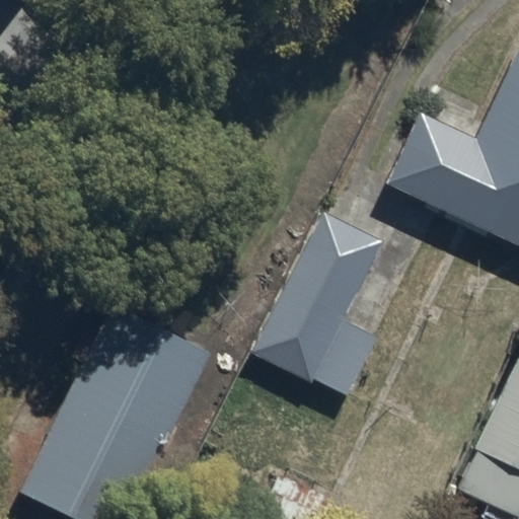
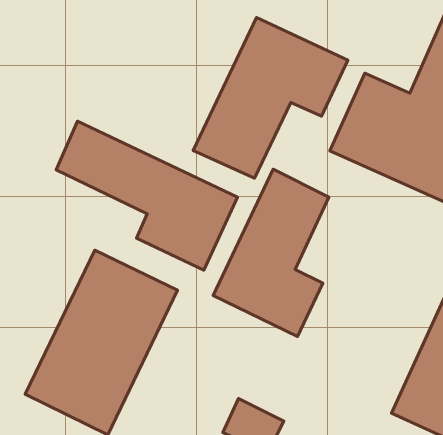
building: none -> [193,18,348,178]
building: none -> [56,121,238,270]

